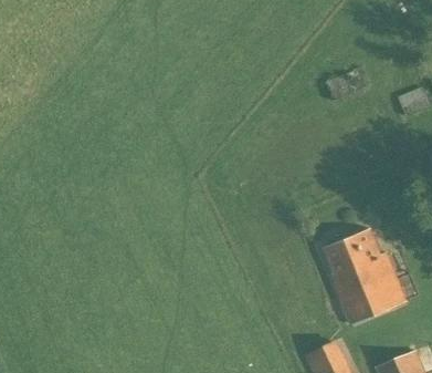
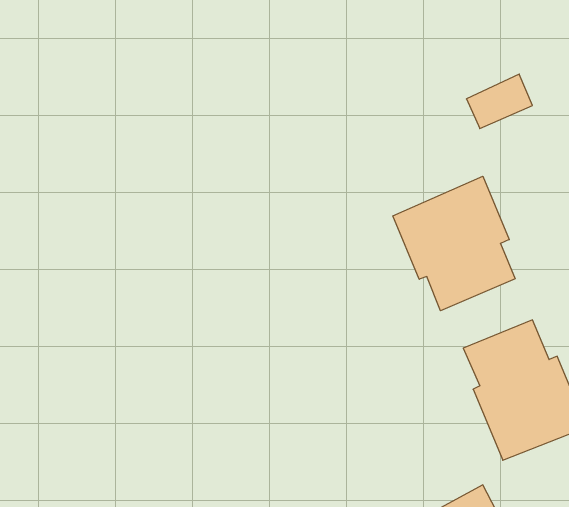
building: none -> [393,176,515,311]

